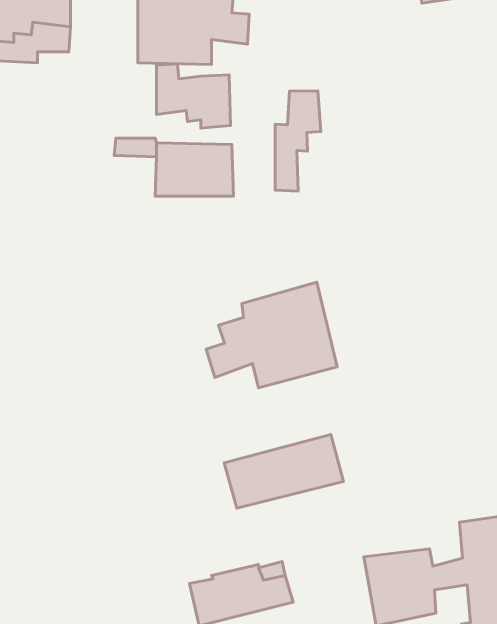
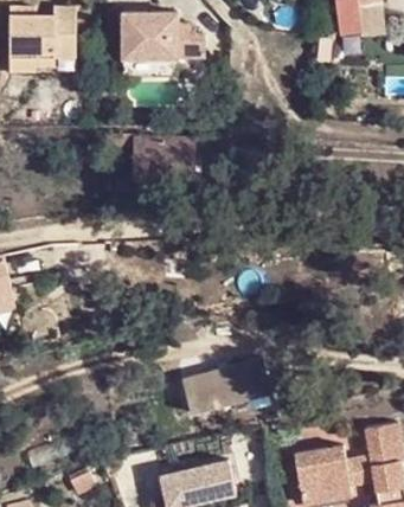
building: [157,64,230,128] -> none
building: [275,91,321,191] -> none
building: [206,282,337,388] -> none

